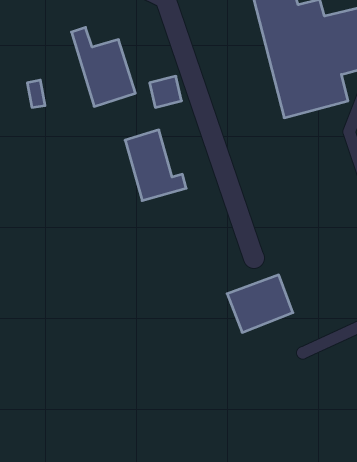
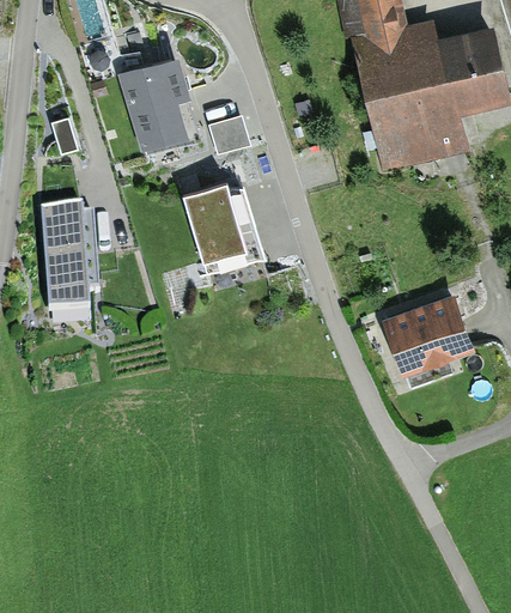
building: none -> [37,217,91,324]
building: [227,275,293,332] -> [385,297,469,370]

